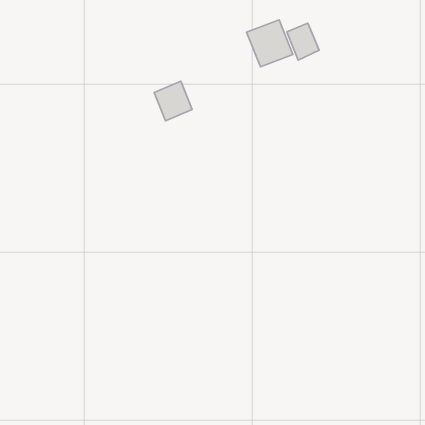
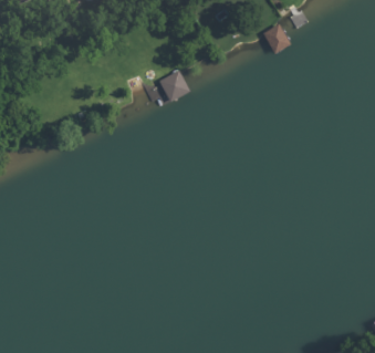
building: [247,20,293,67] -> none

